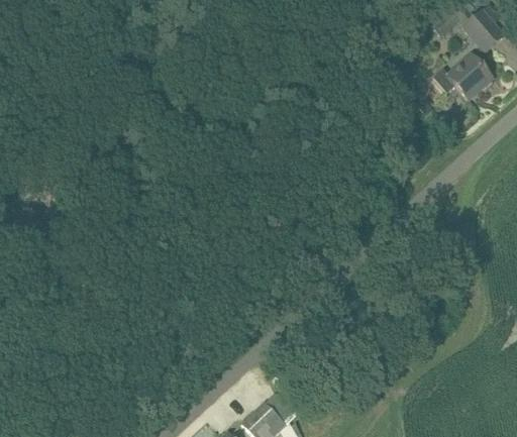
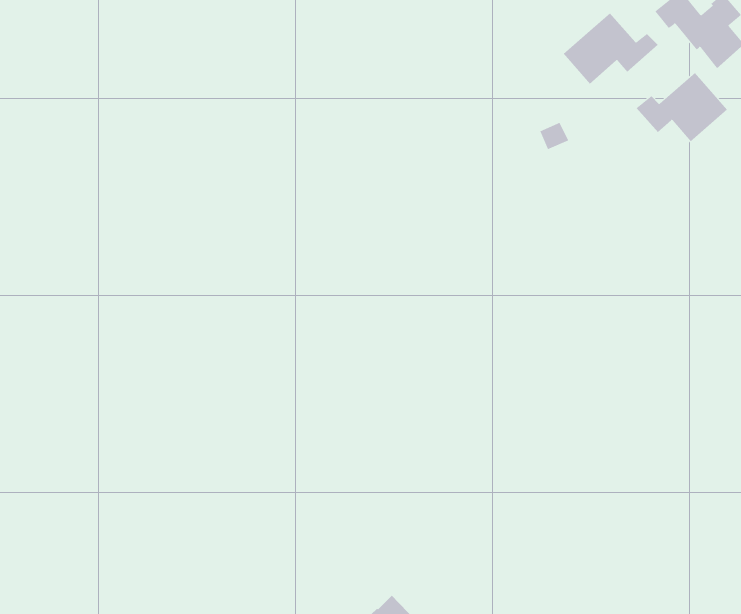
building: none -> [563,12,658,85]

